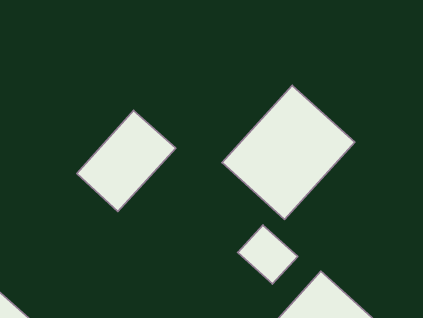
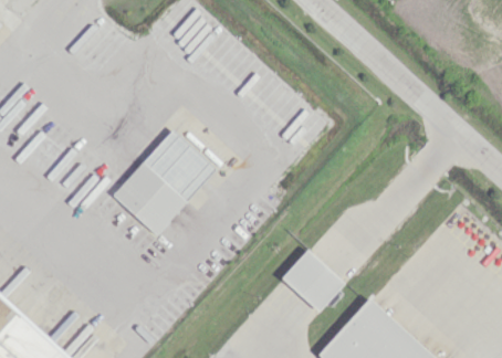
building: [222,85,355,219] -> none

